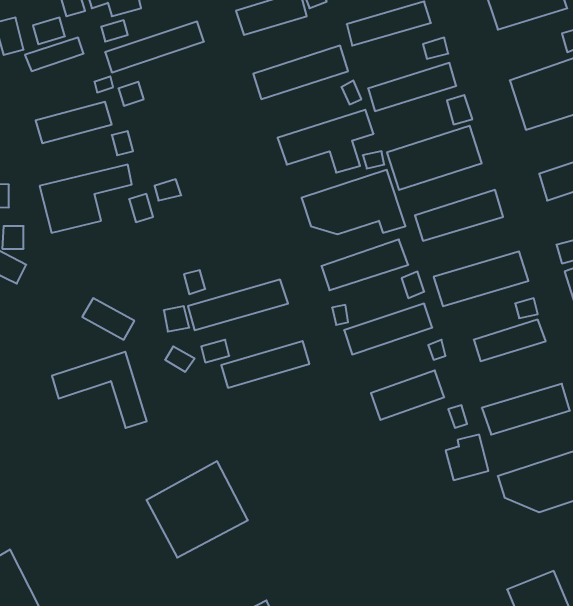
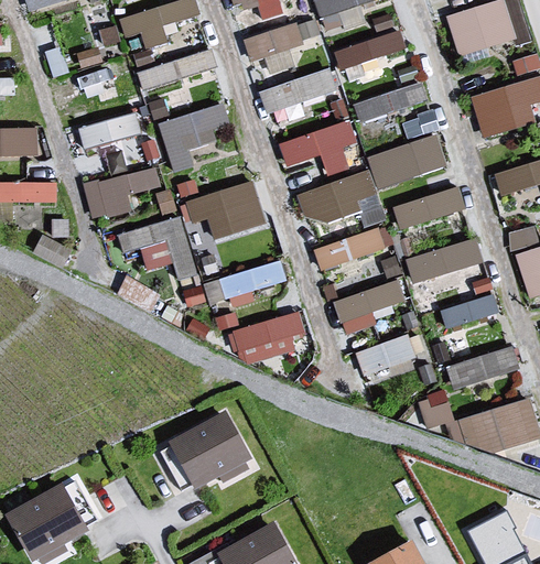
building: none -> [156,102,229,175]
building: none -> [183,181,263,236]
building: [52,352,147,428] -> [118,217,196,280]

